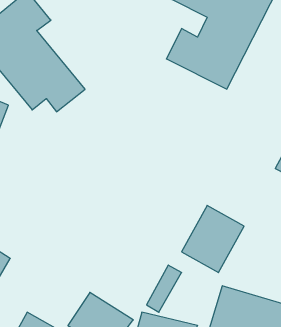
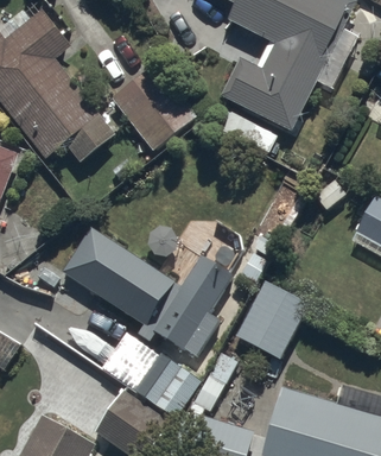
building: none -> [109,62,195,150]
building: none -> [62,227,230,357]
building: none -> [134,357,199,418]

